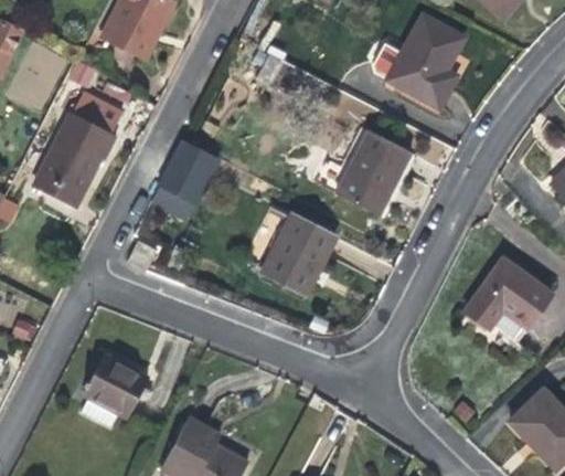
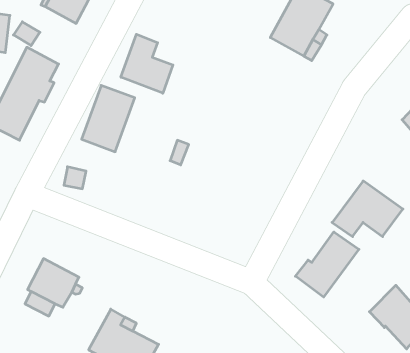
building: none -> [121,34,173,93]
building: [335,128,412,215] -> none
building: [262,212,335,293] -> none
building: none -> [295,232,359,297]

